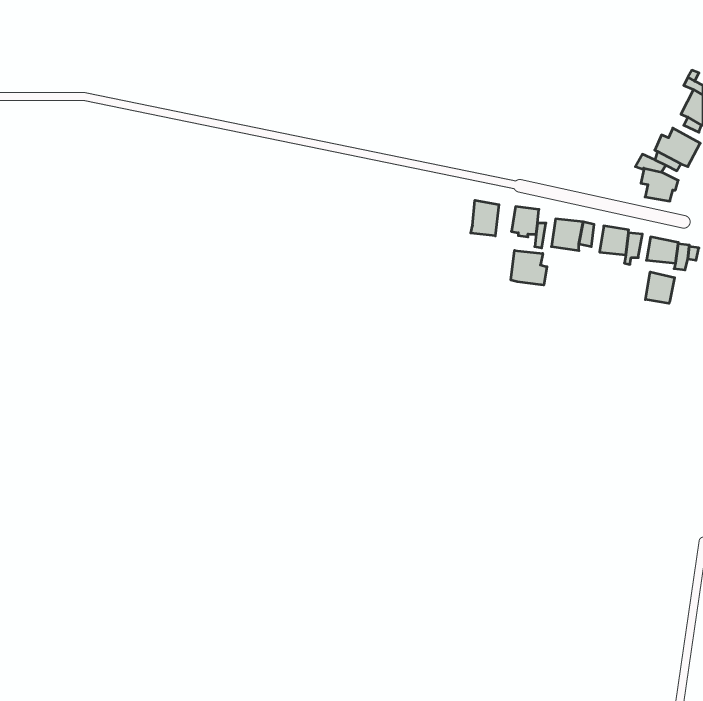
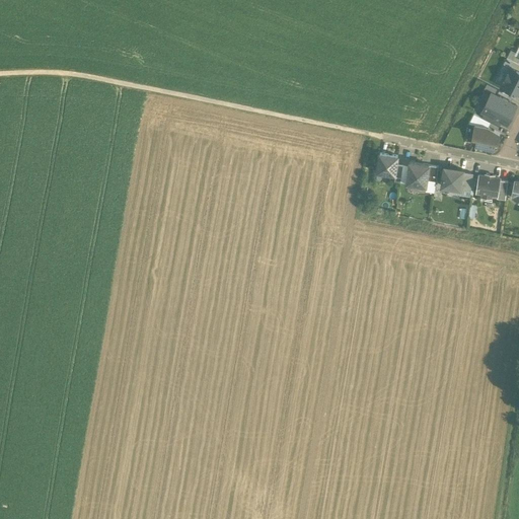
building: [471,200,499,236] -> none
building: [511,250,547,285] -> none
building: [645,272,675,303] -> none

